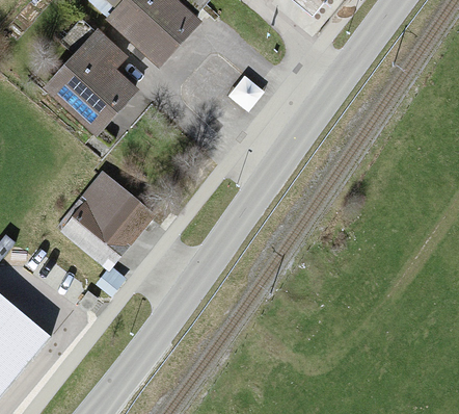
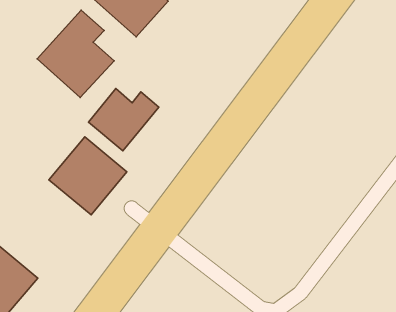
building: none -> [88,89,159,151]

